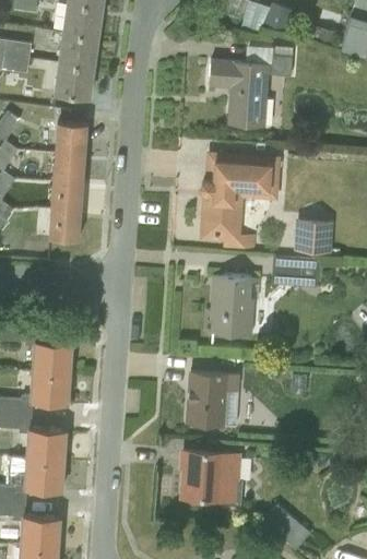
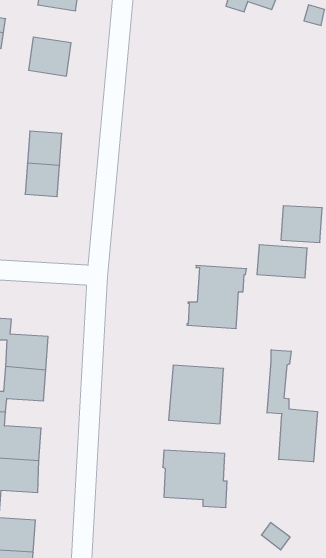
building: [58,28,98,64] -> none
building: [210,48,293,129] -> none
building: [55,120,87,151] -> none
building: [201,155,280,251] -> none
building: [48,209,81,241] -> none
building: none -> [267,350,317,462]

